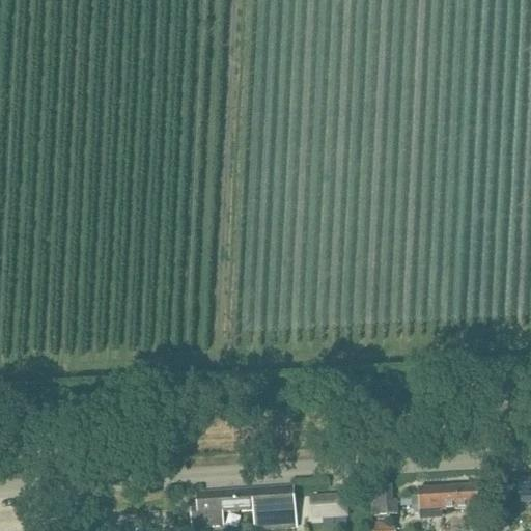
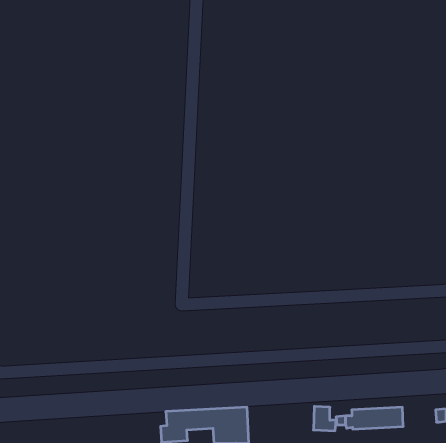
building: [310,495,345,518] -> none

